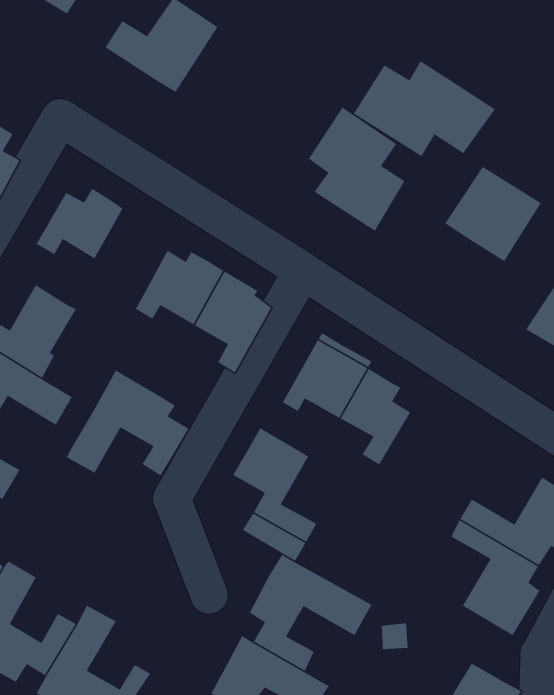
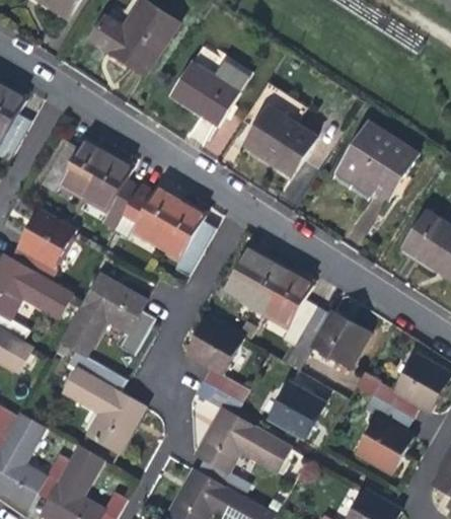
building: none -> [170,48,248,127]
building: [353,60,496,157] -> none
building: none -> [85,157,137,230]
building: none -> [286,307,369,372]
building: none -> [66,351,143,451]
building: none -> [269,383,325,439]

